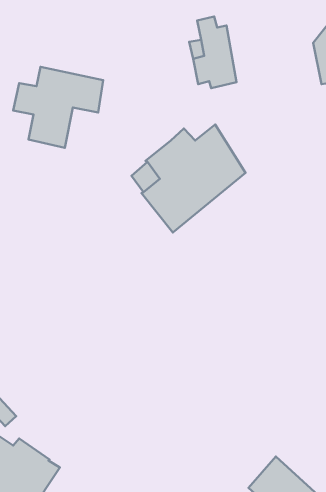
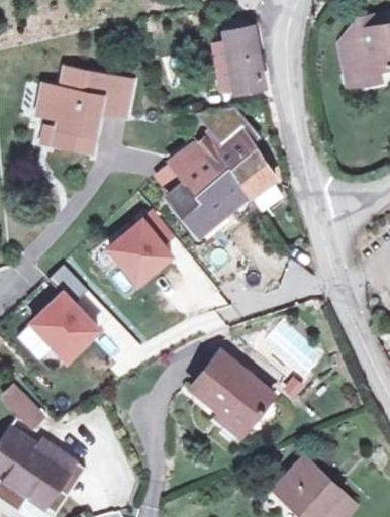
building: none -> [109,210,174,283]
building: none -> [32,265,99,358]
building: none -> [191,350,274,438]

